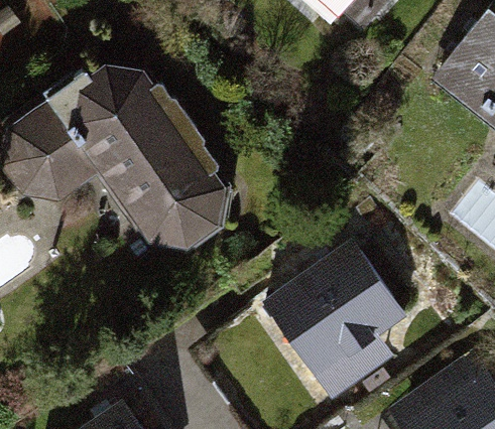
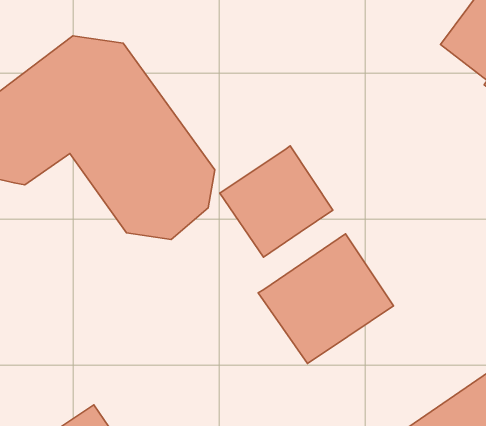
building: none -> [220,146,333,257]

